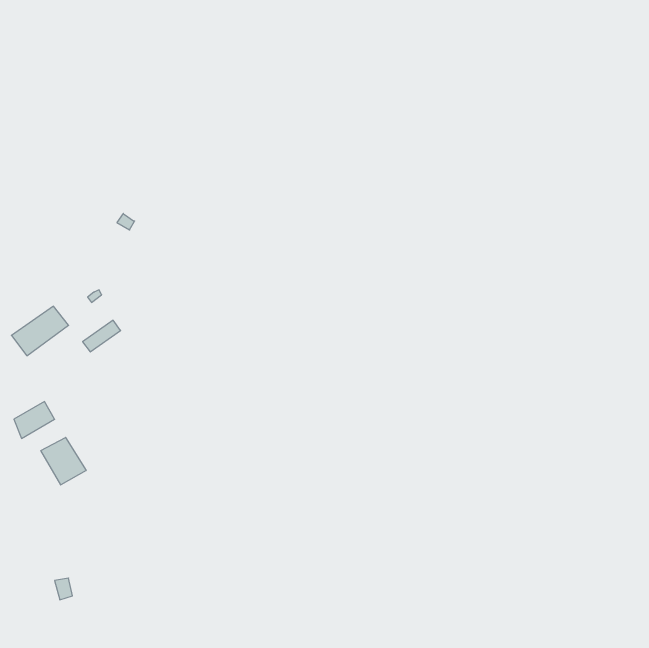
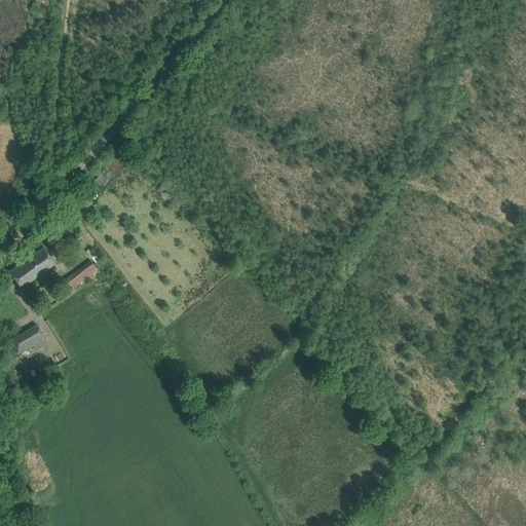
building: [41,437,86,485] -> none

